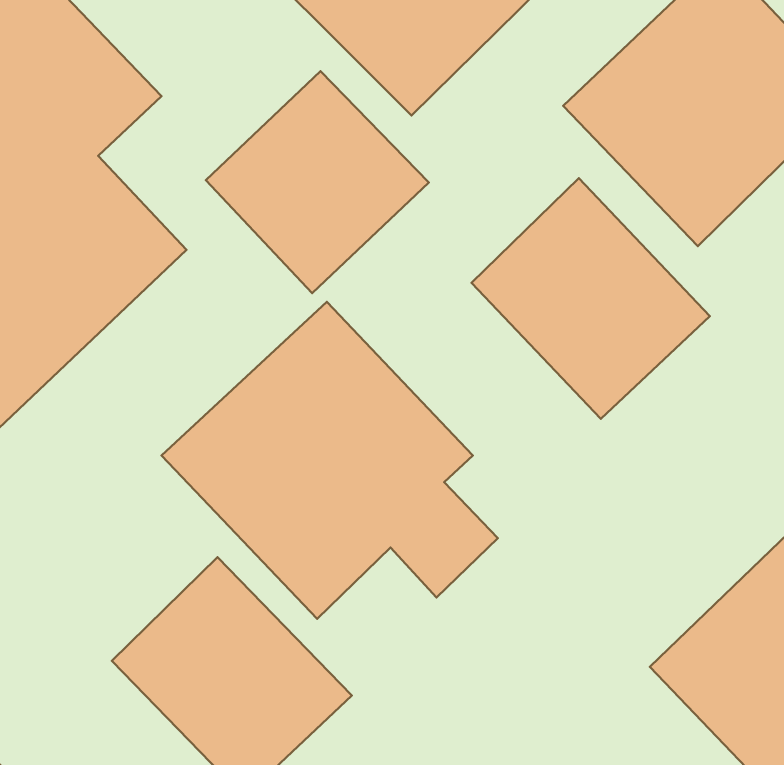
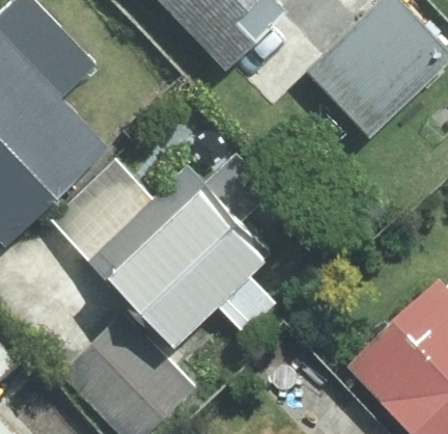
building: [206,71,429,293] -> none
building: [472,178,710,419] -> none

